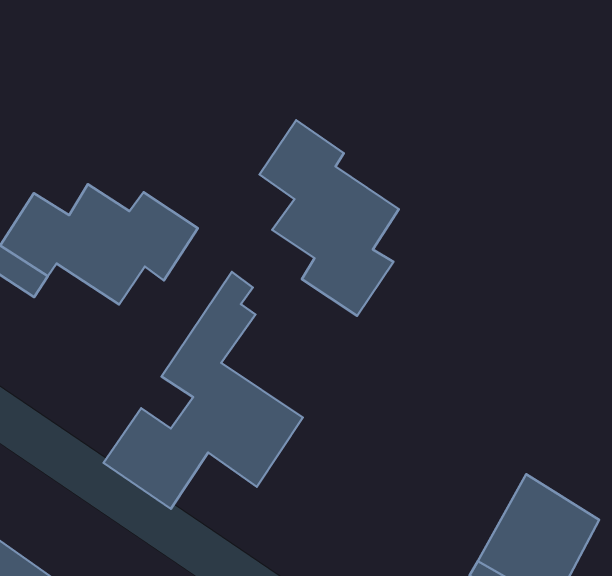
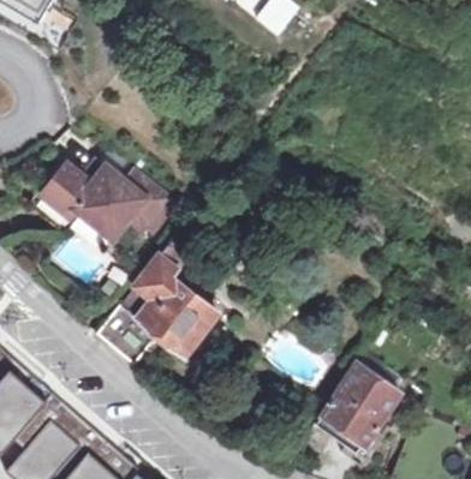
building: [260,120,399,316] -> none

